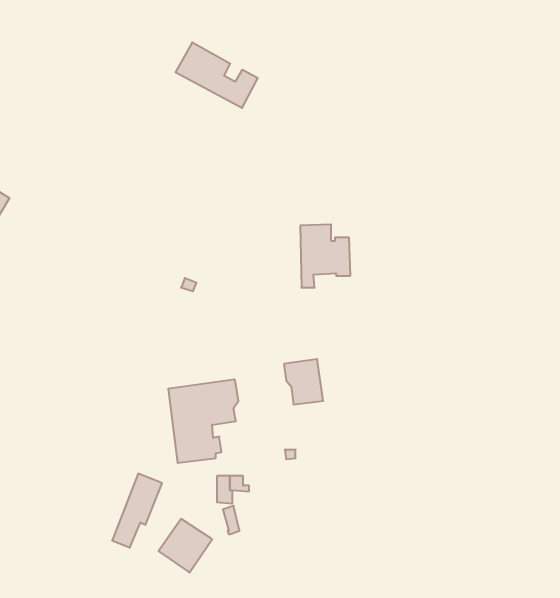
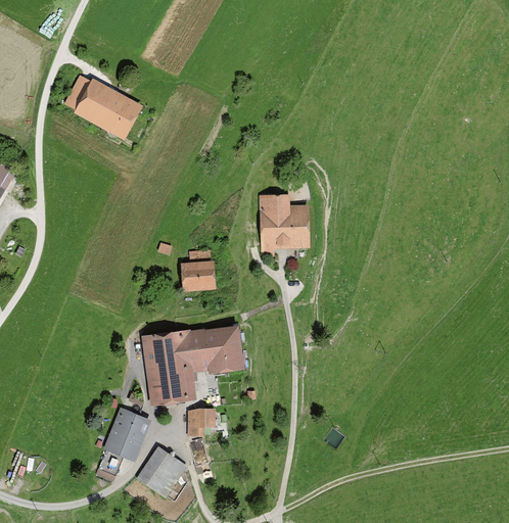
building: [175,42,258,108] -> [66,77,137,133]
building: none -> [182,250,212,285]
building: [284,359,323,404] -> [205,329,239,368]

